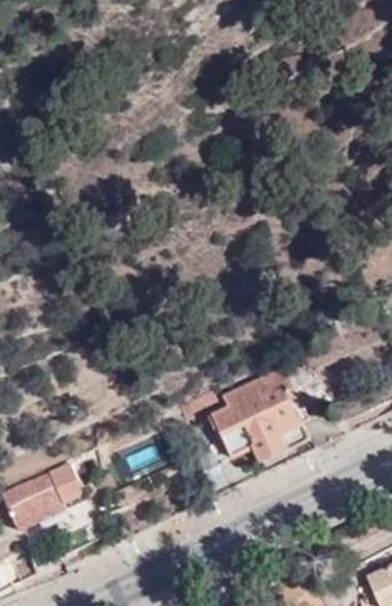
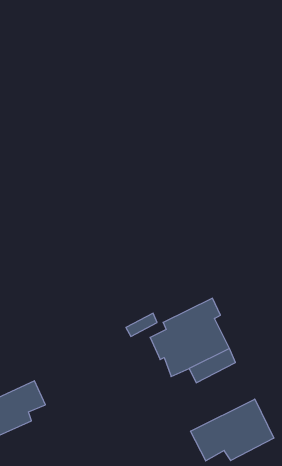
building: none -> [191,399,274,461]

